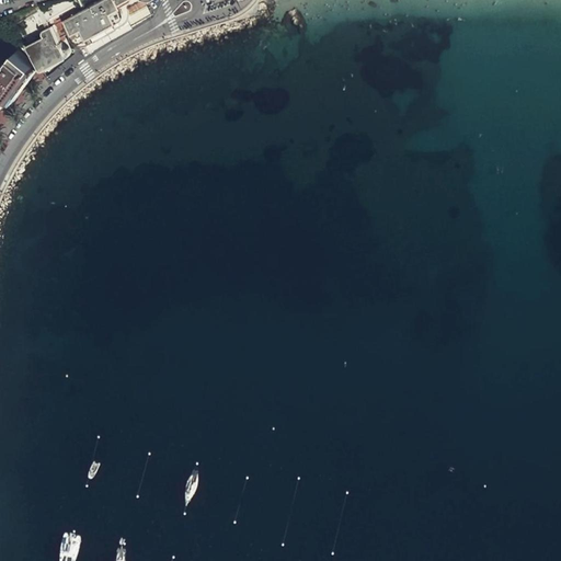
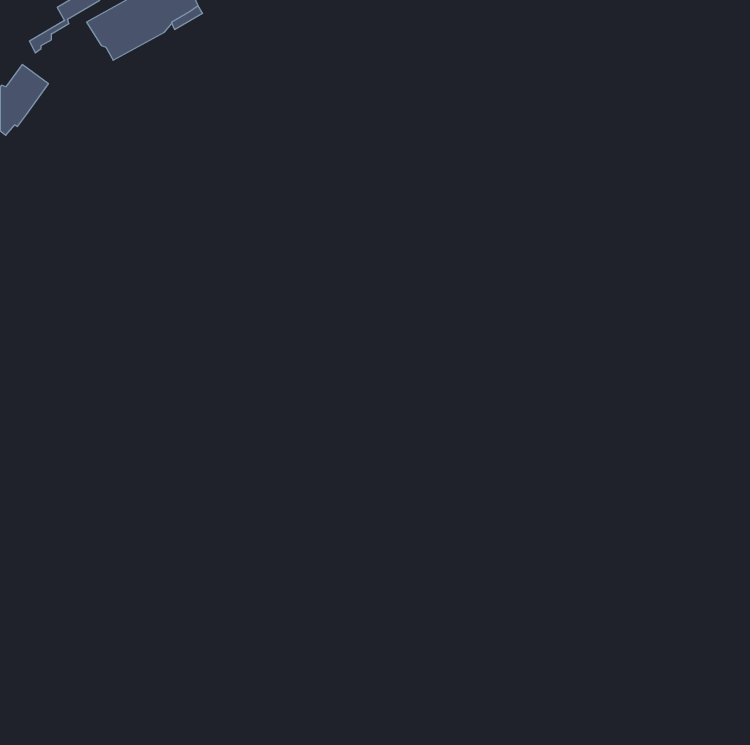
building: [27,21,70,66] -> none

